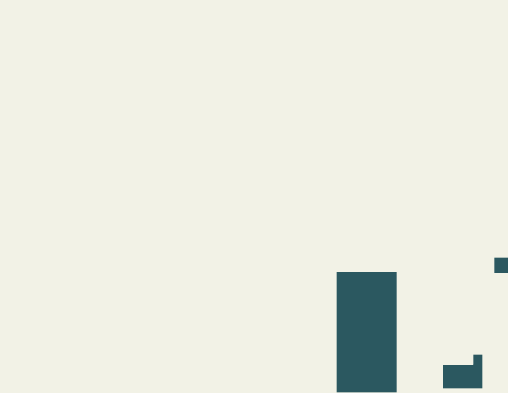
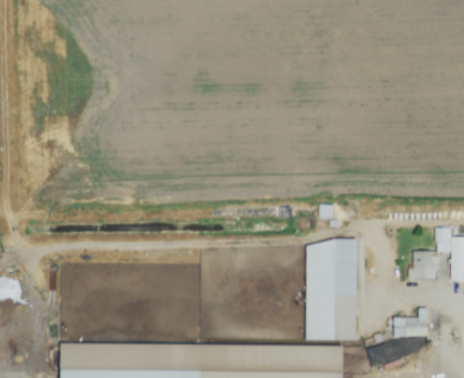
building: none -> [409,250,438,279]

